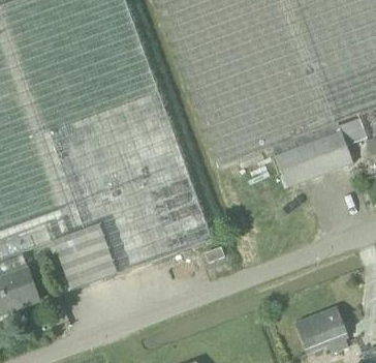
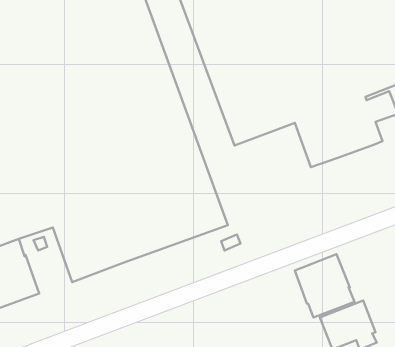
building: none -> [295,254,354,317]

